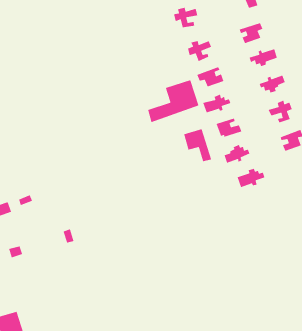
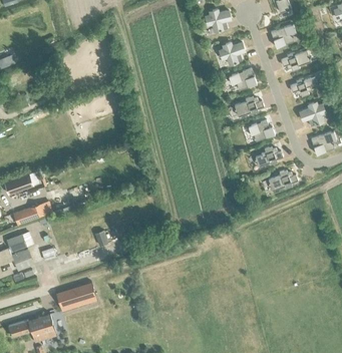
building: [147,79,200,123] -> none
building: [183,128,212,162] -> none
building: none -> [55,281,95,306]

